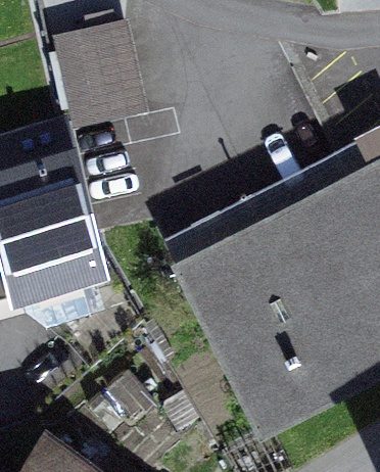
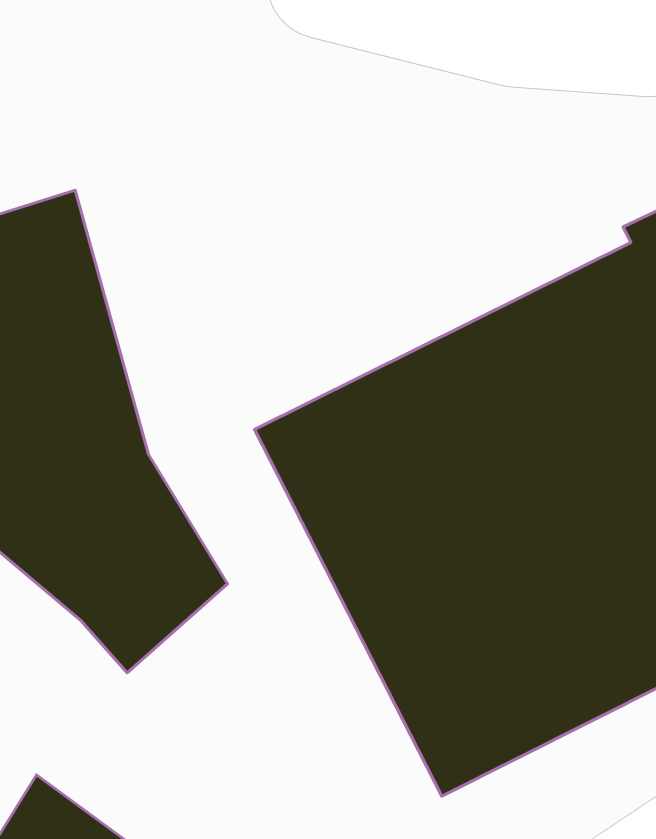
building: [54,20,146,133] -> none

